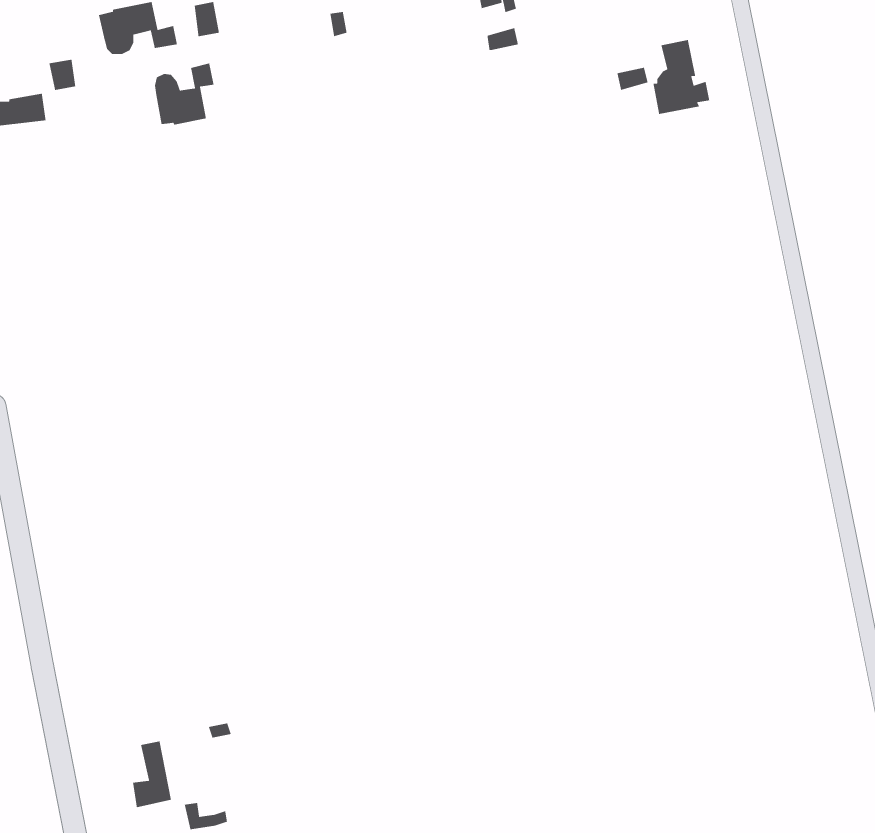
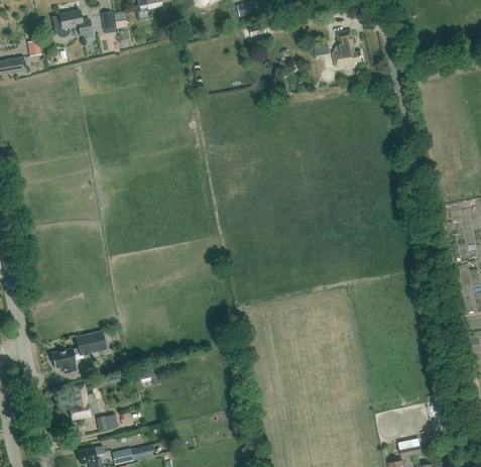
building: [154,63,214,126] -> none
building: none -> [49,331,106,373]

